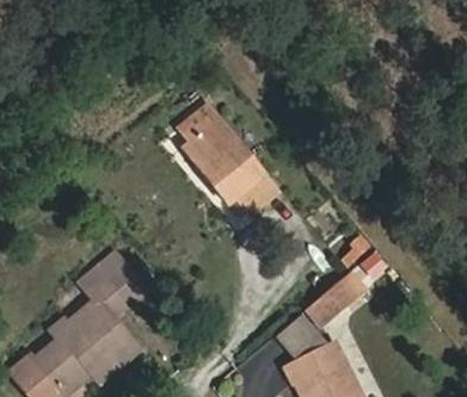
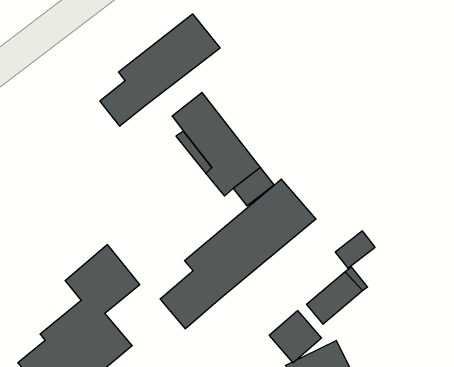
building: none -> [100,14,220,126]
building: none -> [160,179,316,329]

